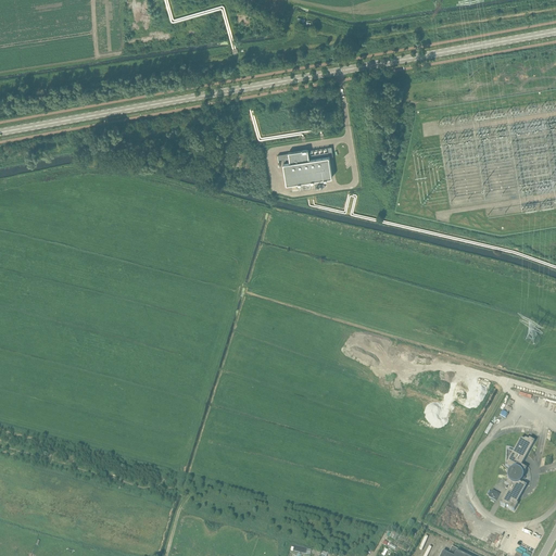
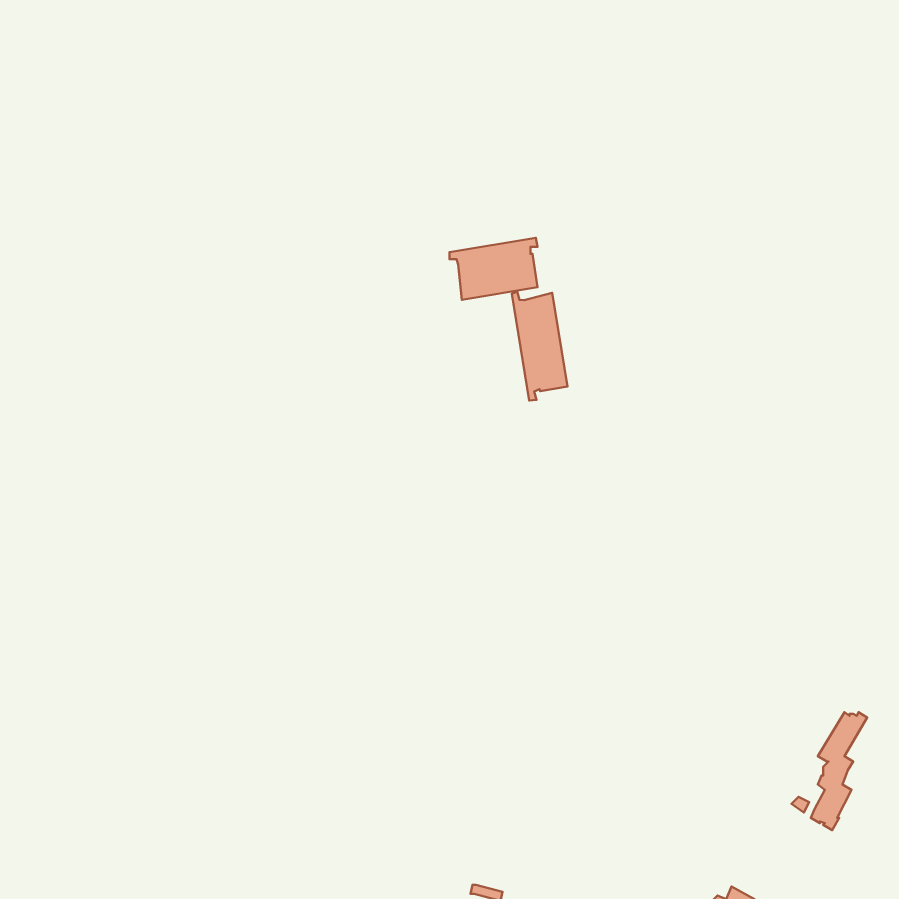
building: none -> [512,291,568,401]

